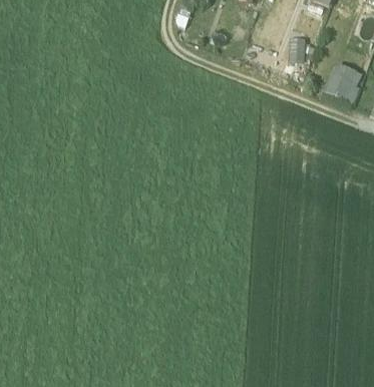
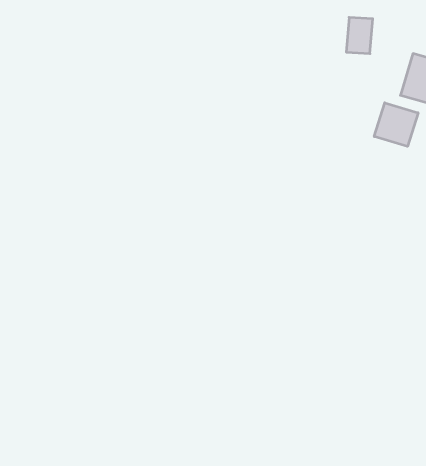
building: none -> [374,103,418,146]

